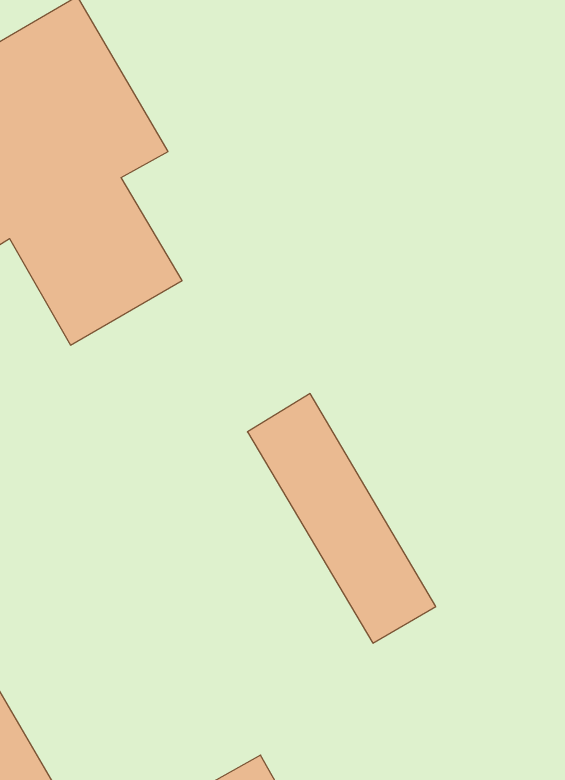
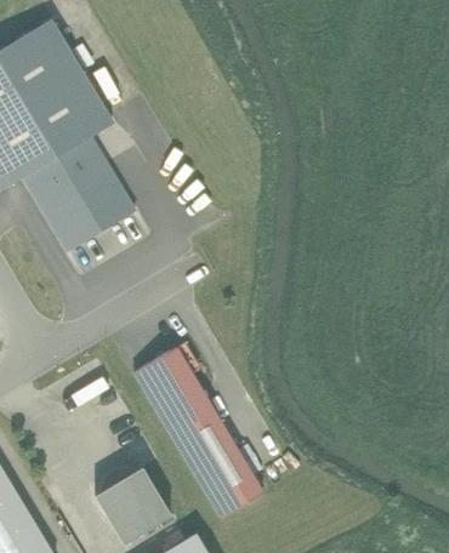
building: [247,394,436,643] -> [131,346,262,519]
building: none -> [89,466,166,542]

